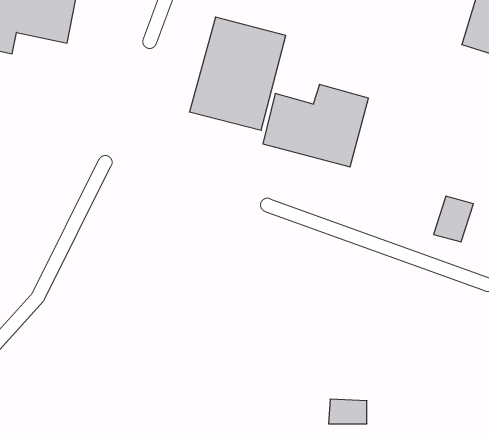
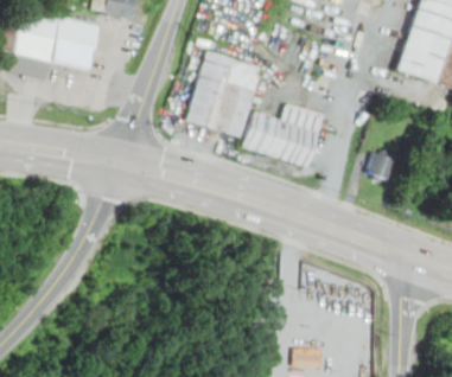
building: [434,196,473,242] -> [365,146,396,181]

